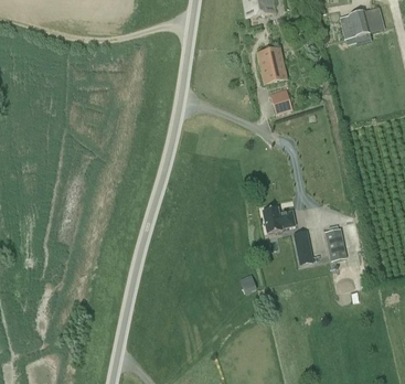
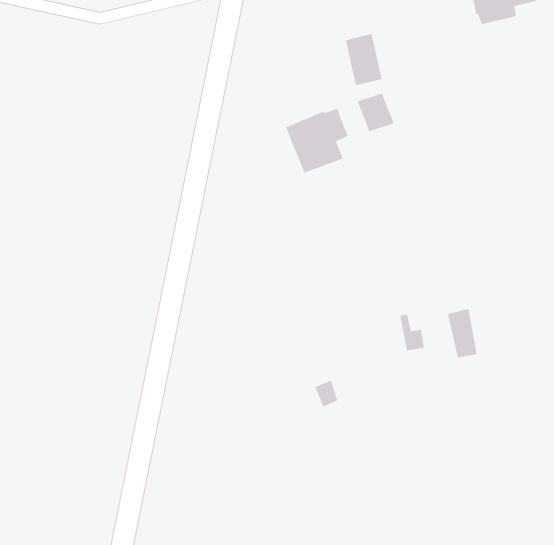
building: none -> [285,108,348,173]
building: [264,206,296,232] -> none

